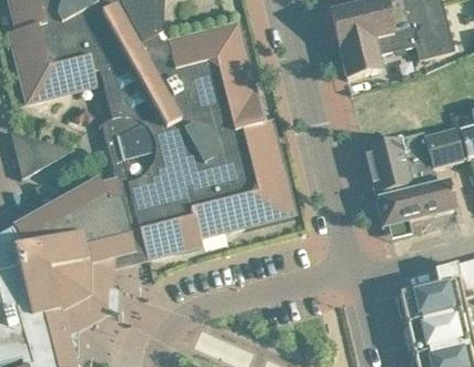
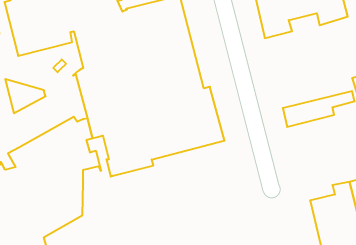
building: [363,128,460,170] -> none
building: [376,180,456,227] -> none

